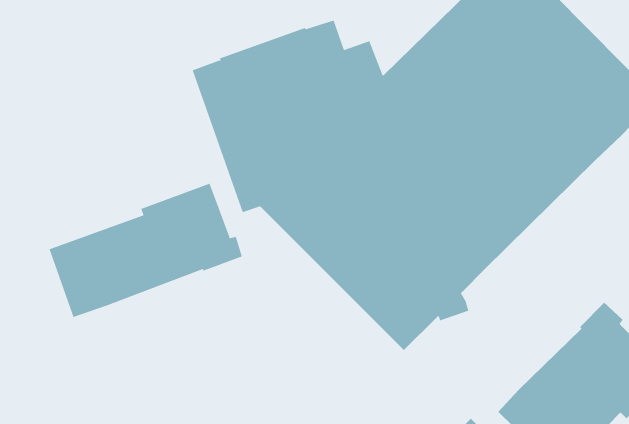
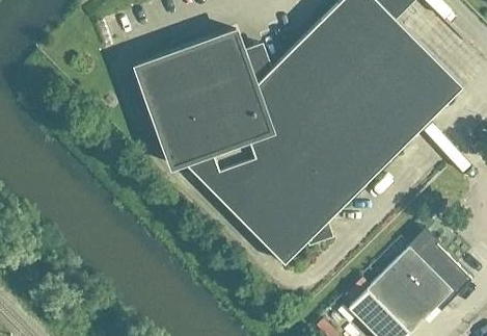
building: [49,183,242,318] -> none

